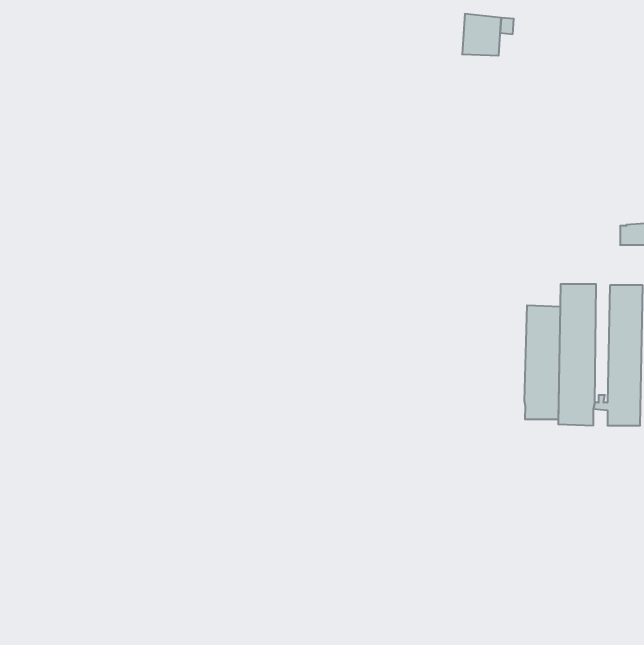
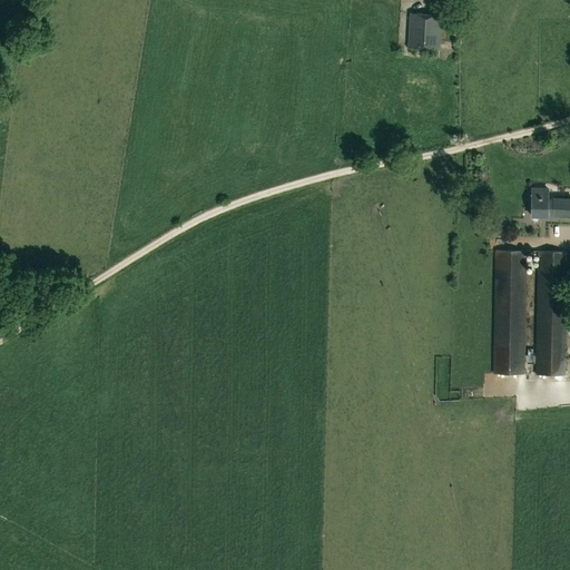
building: none -> [532,188,549,217]
building: [525,305,560,420] -> none

